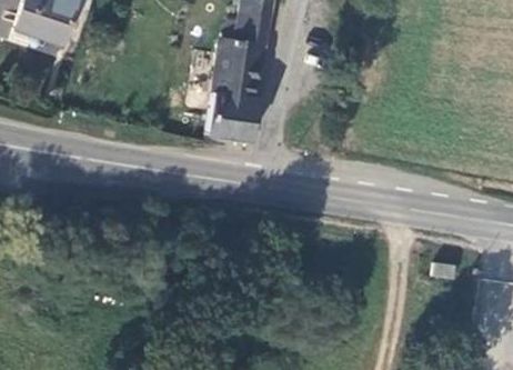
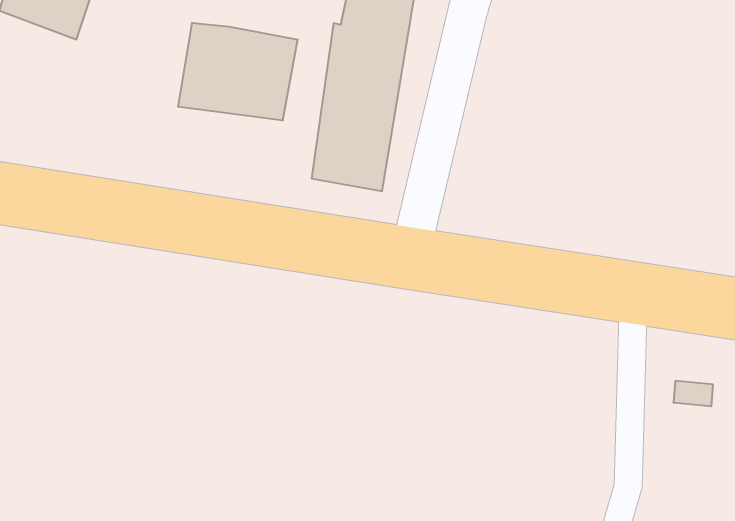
building: none -> [178,23,298,121]

